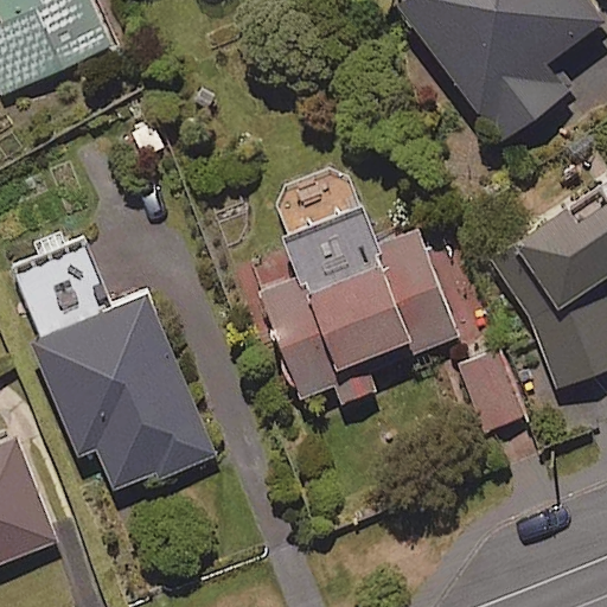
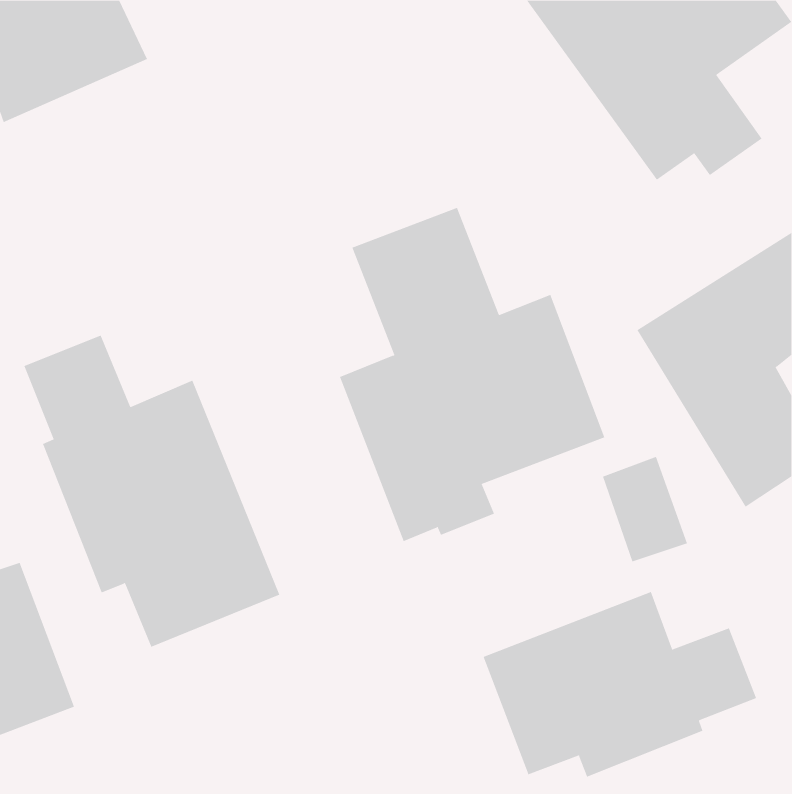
building: none -> [483,591,757,777]

